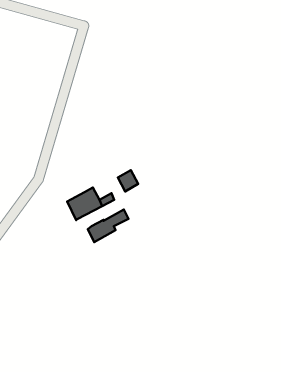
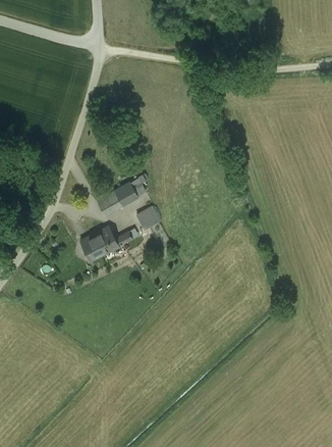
building: [88,210,128,242] -> [97,180,142,215]

